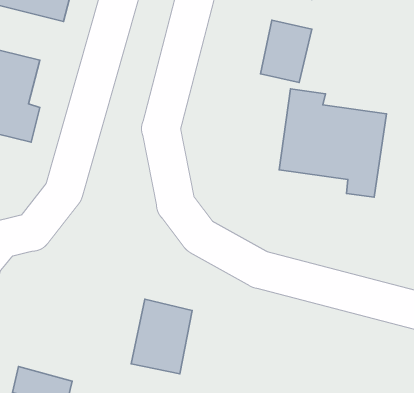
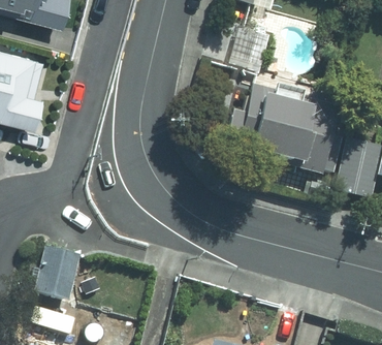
building: [131,299,192,374] -> [30,244,81,306]

